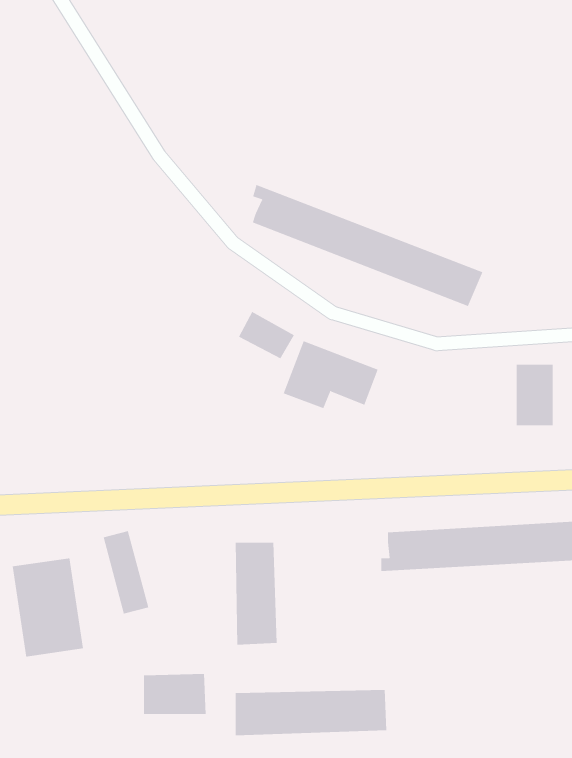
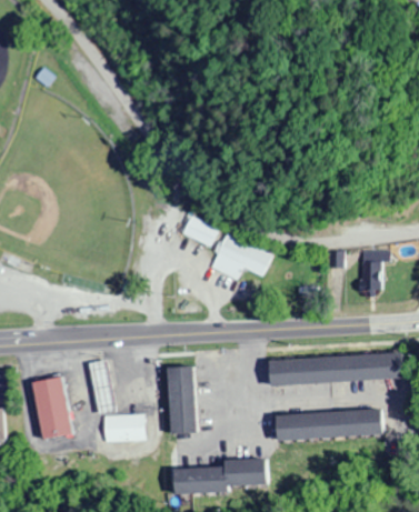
building: [252,184,483,307] -> none
building: none -> [271,410,385,441]
building: [143,673,206,715] -> [100,414,141,441]

